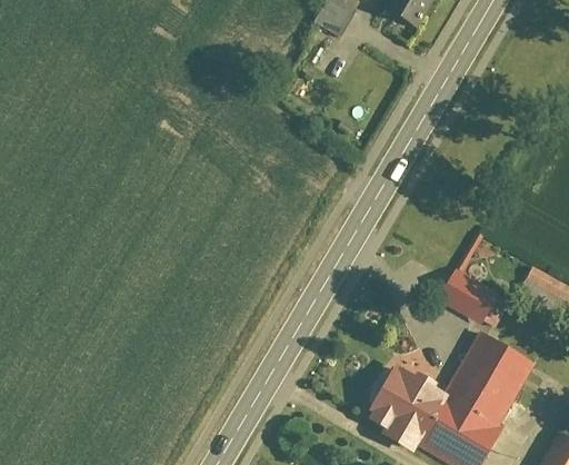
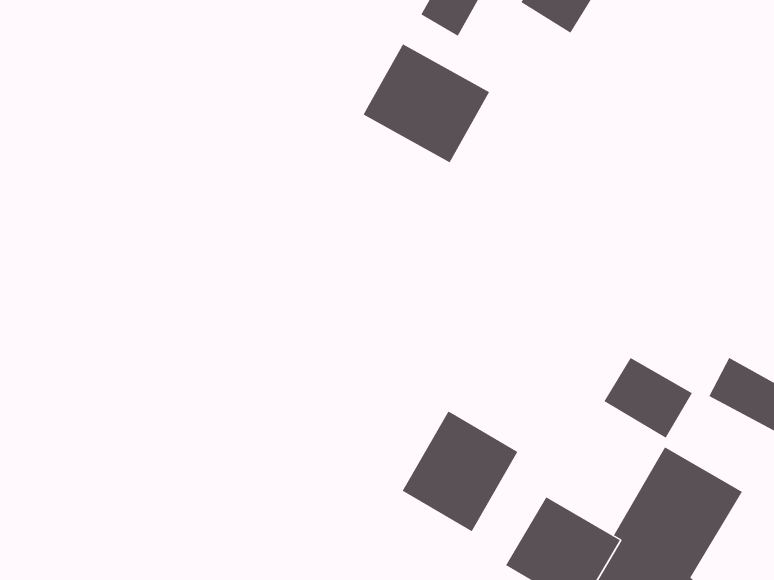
building: none -> [363,44,490,163]
building: none -> [402,411,518,532]

